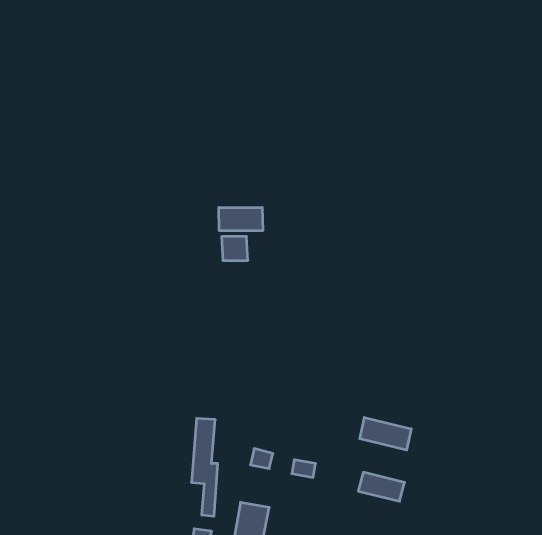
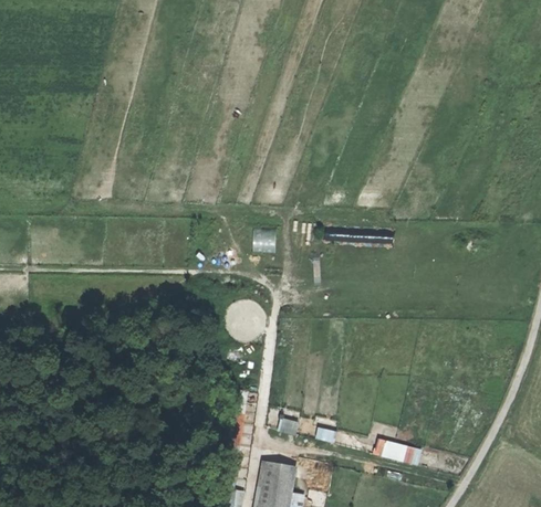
building: [219,207,263,231] -> none
building: [360,417,411,450] -> none

